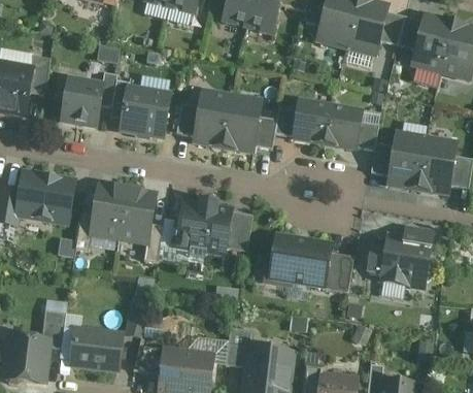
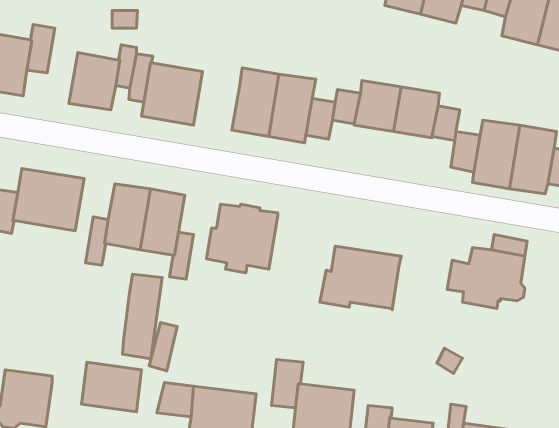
building: [176,103,200,135] -> none
building: [225,210,252,251] -> none
building: [323,252,354,293] -> none
building: none -> [122,274,162,359]
building: [41,310,66,348] -> none

